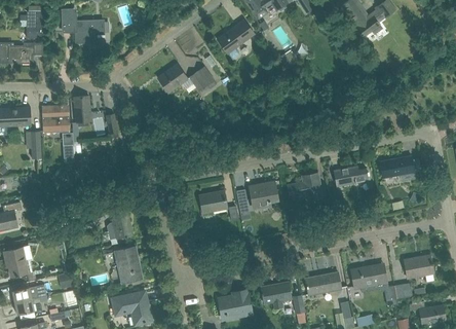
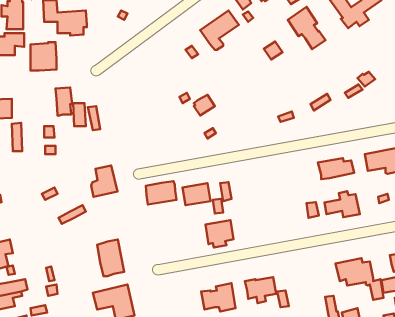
building: none -> [288,7,326,49]
building: [158,64,214,94] -> none
building: [43,105,69,133] -> [30,42,56,70]
building: [288,174,322,199] -> [324,191,360,217]
building: [250,181,277,208] -> [206,220,234,247]
building: none -> [146,181,176,204]
building: [107,209,132,240] -> [91,166,117,197]
building: [305,271,341,295] -> none

